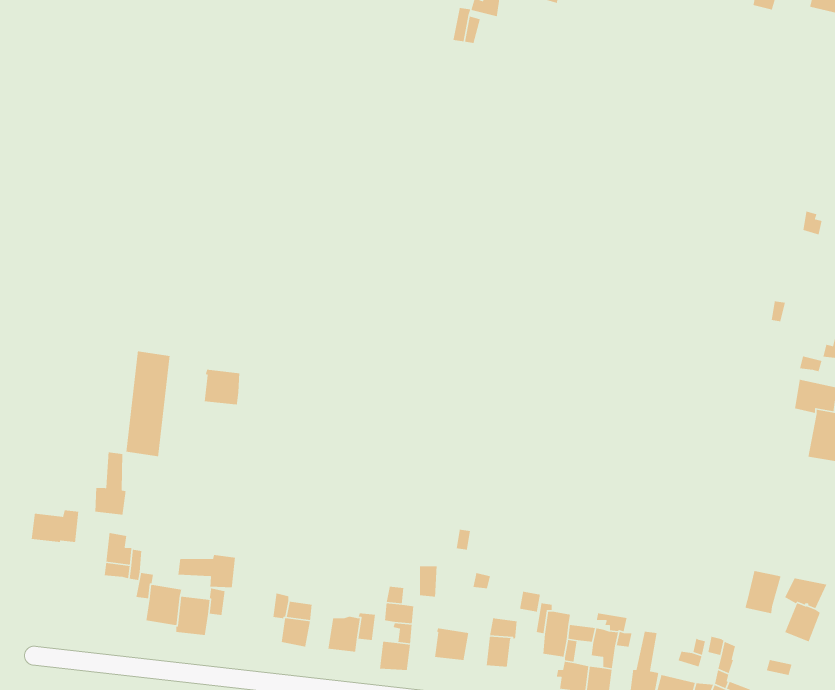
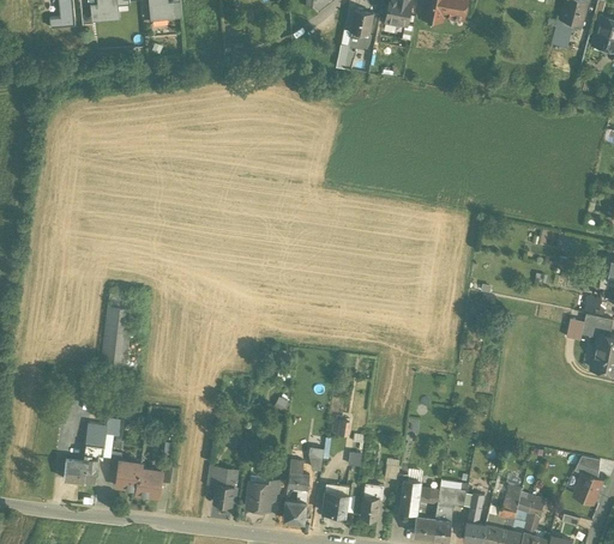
building: [204,369,240,406] -> none
building: [94,452,126,516] -> none
building: [31,510,79,543] -> [64,457,98,480]
building: [178,554,236,588] -> none
building: [744,570,781,614] -> none

